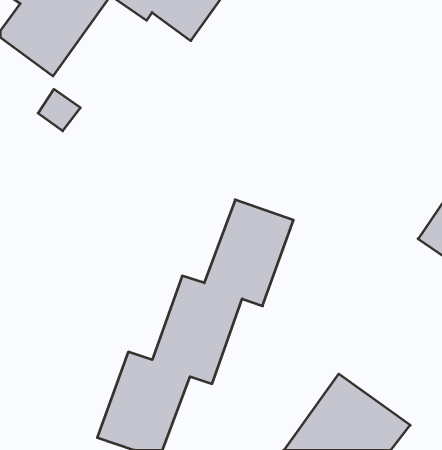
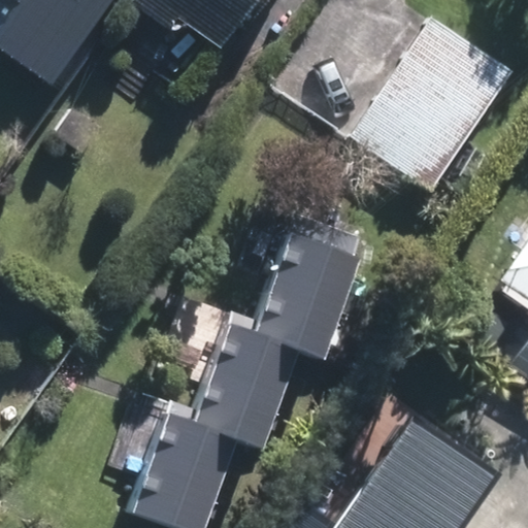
building: none -> [352,15,515,193]

